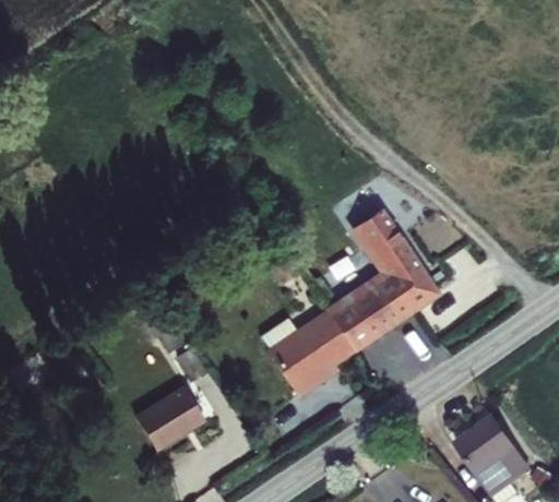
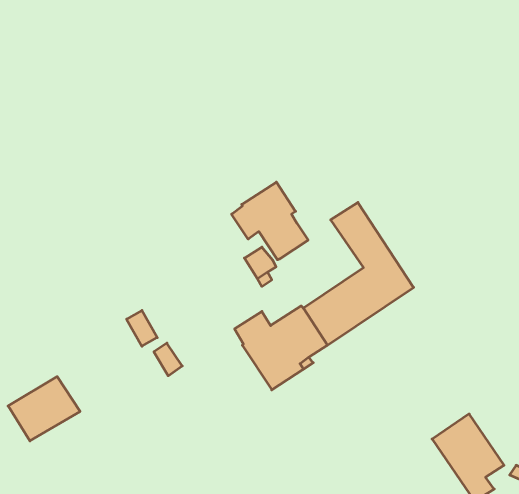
building: none -> [232,182,308,260]
building: [135,386,207,451] -> [8,377,80,441]

